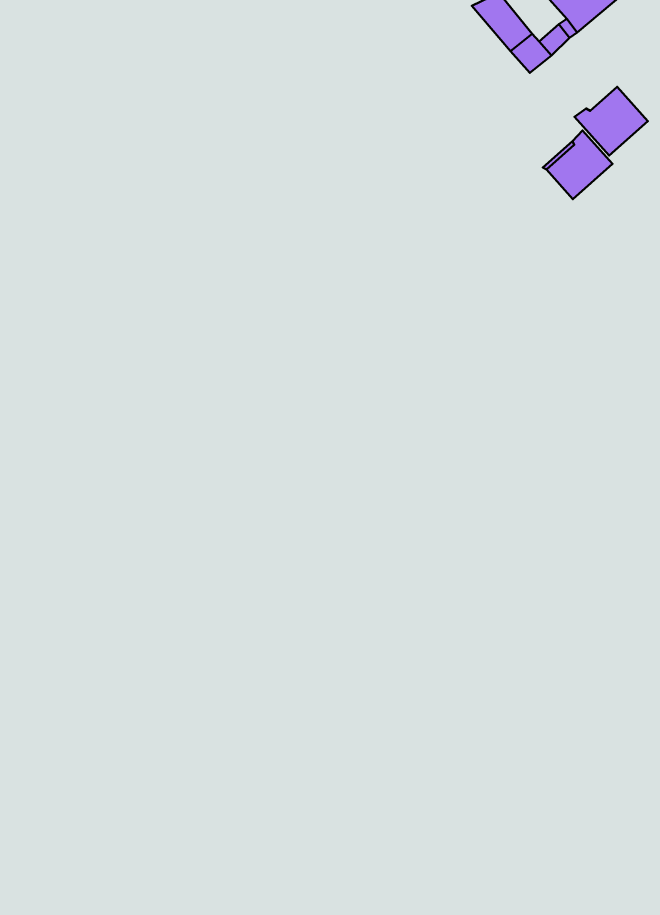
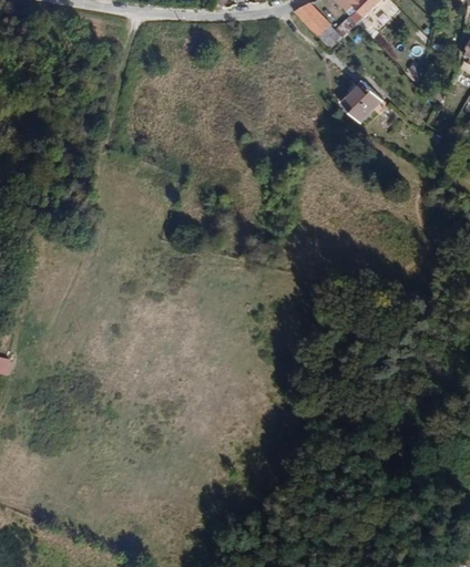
building: [575,87,648,155] -> none

